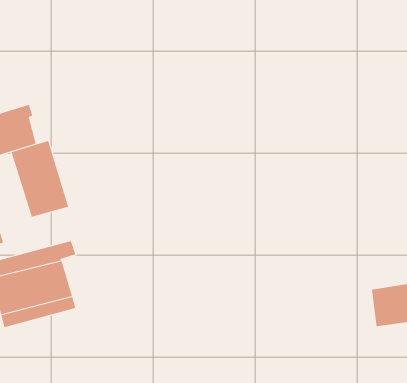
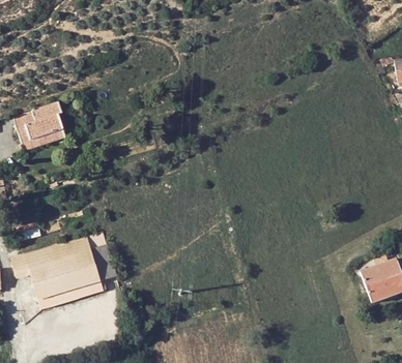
building: [11,140,69,217] -> none

